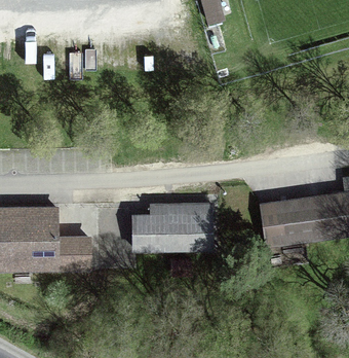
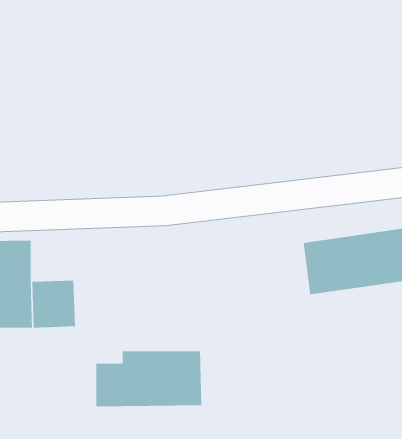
building: [132,208,211,250] -> [96,351,202,407]

